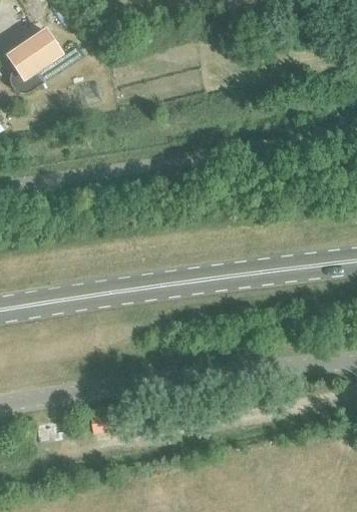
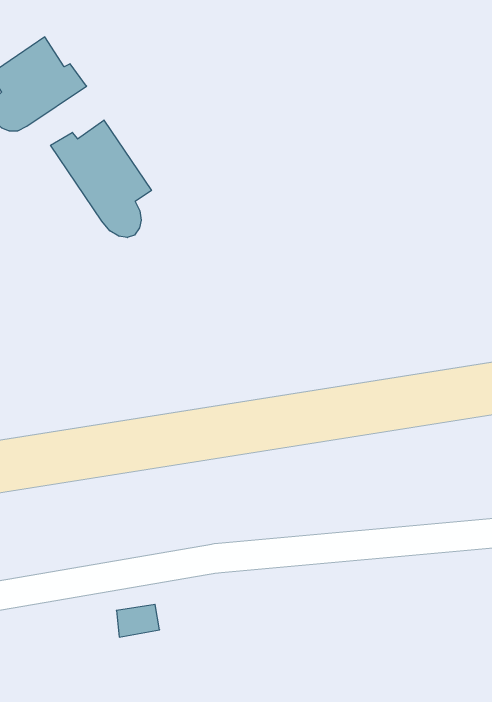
building: none -> [51,120,151,238]

